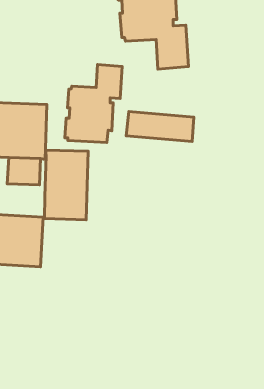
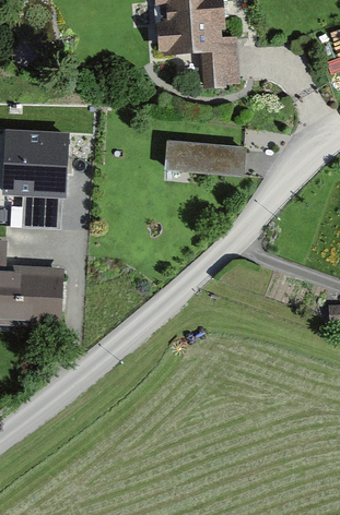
building: [65,65,122,143] -> none
building: [44,150,88,220] -> none

